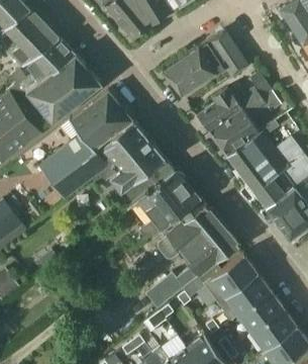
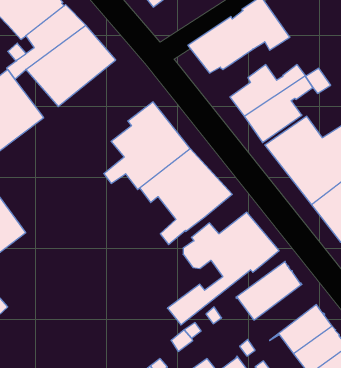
building: [39,91,132,200] -> none
building: [176,197,211,231] -> none
building: [217,273,270,321] -> none

